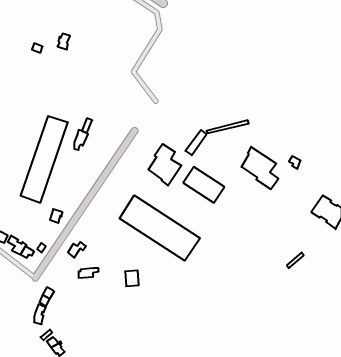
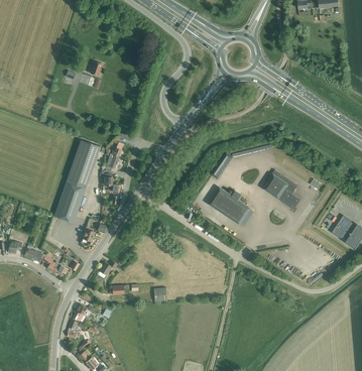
building: [148,144,181,186] -> none
building: [120,195,200,261] -> none

